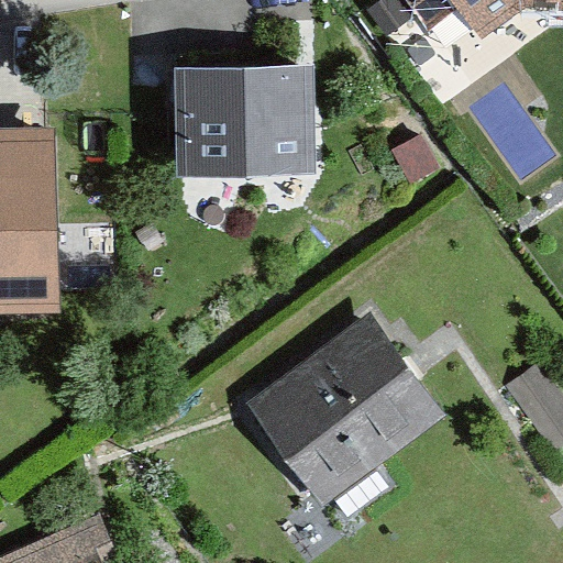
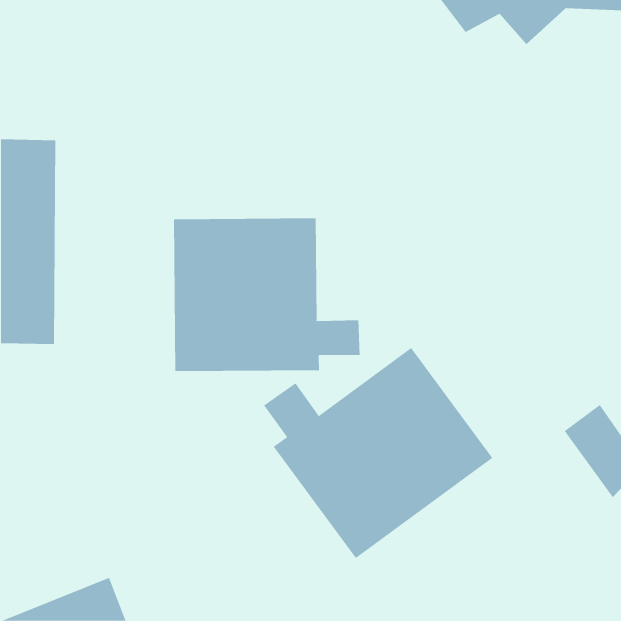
building: [166,67,306,178] -> none
building: none -> [173,218,360,372]

